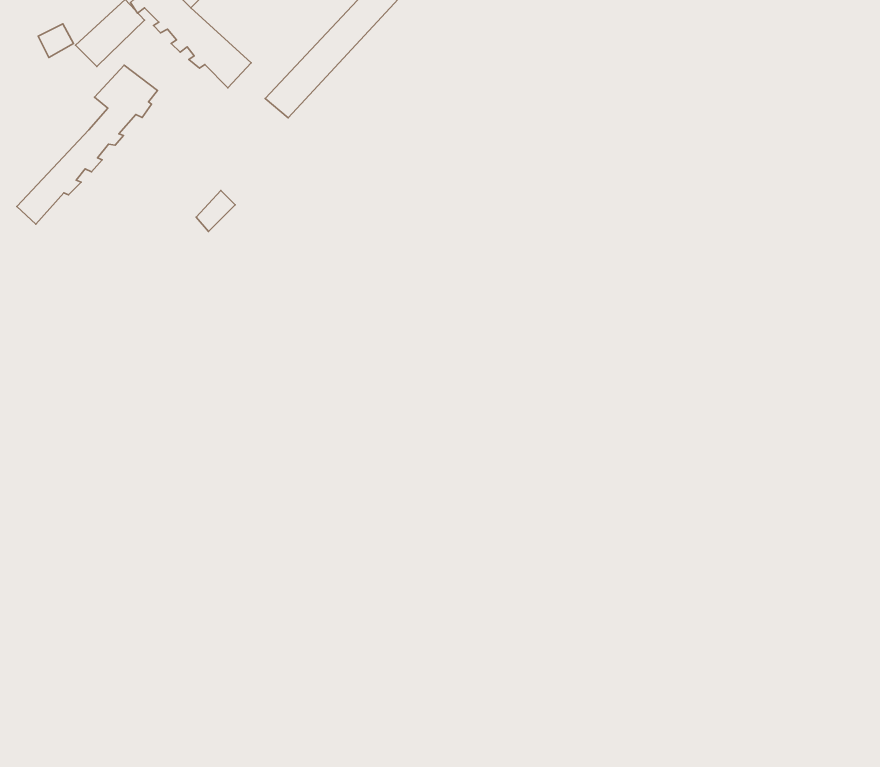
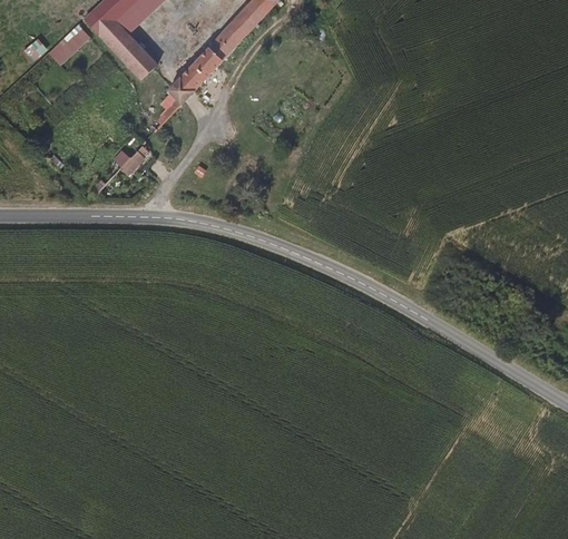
building: [17,65,157,224] -> none

